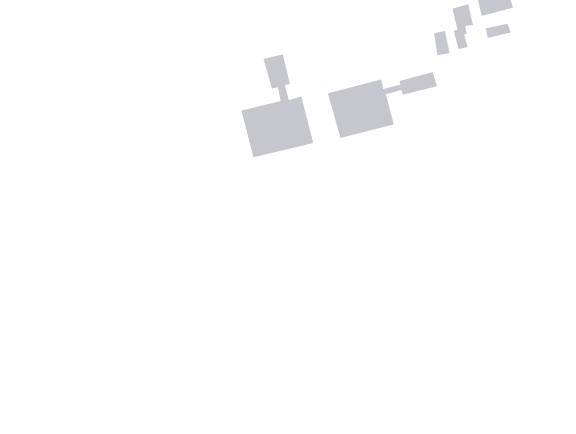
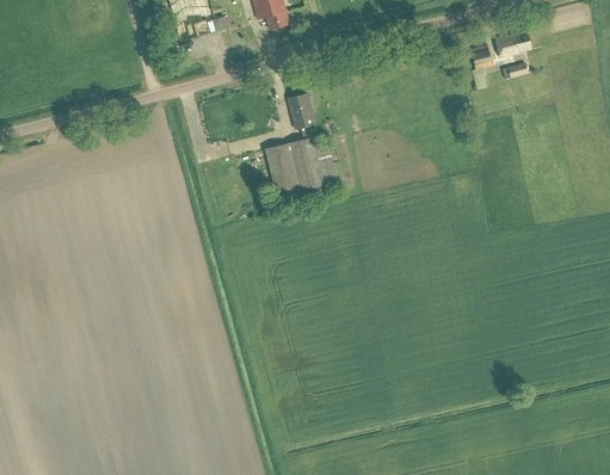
building: [327,71,438,139] -> none

